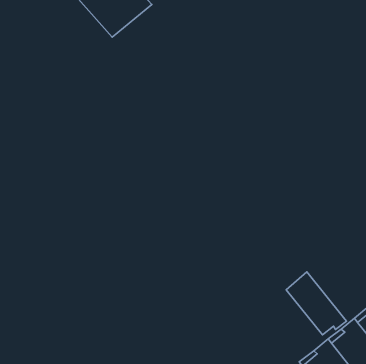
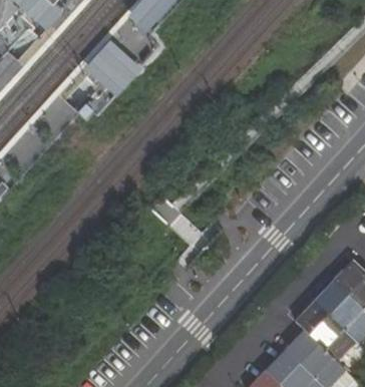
building: [286,272,346,335] -> none

